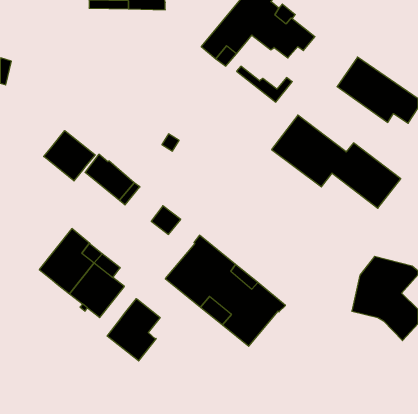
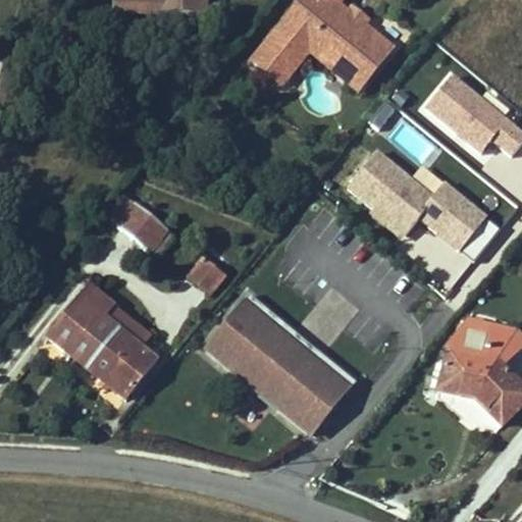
building: [237,66,292,102] -> [309,44,378,89]
building: [44,131,95,181] -> none
building: [107,299,160,361] -> none

